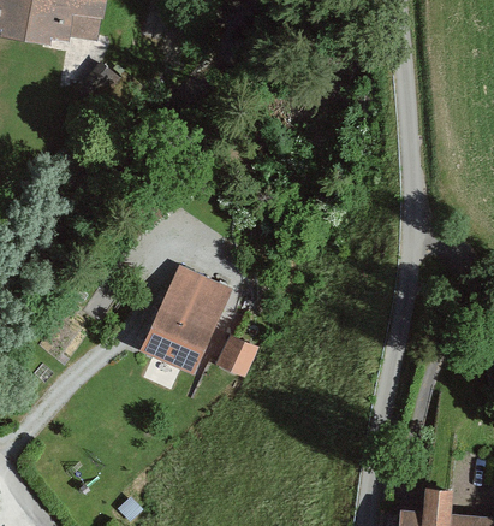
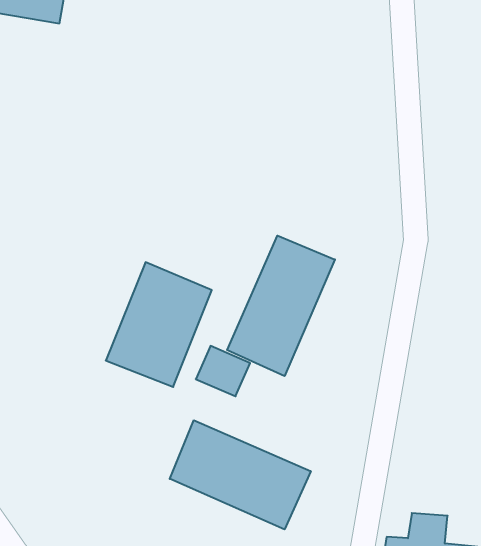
building: none -> [227,236,335,376]
building: none -> [170,420,311,529]

